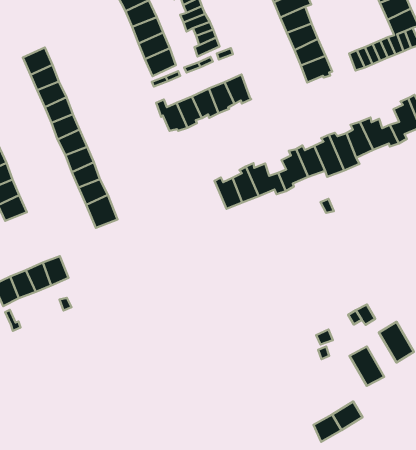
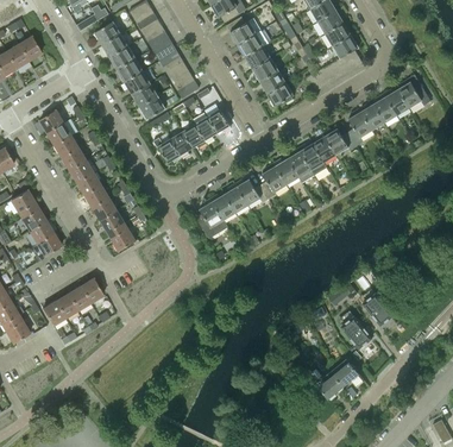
building: none -> [196,199,227,238]

